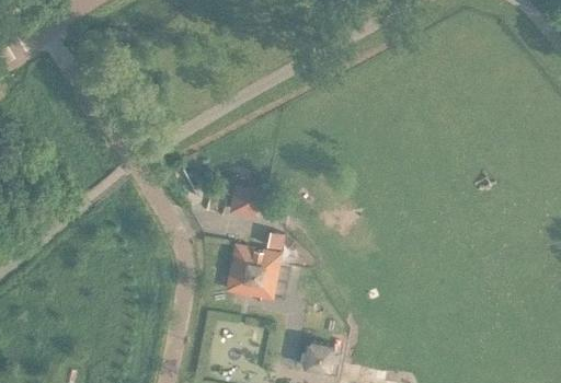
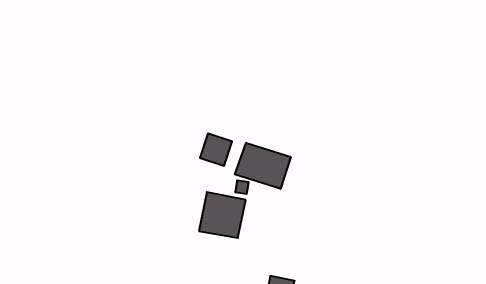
building: none -> [235,143,291,189]

